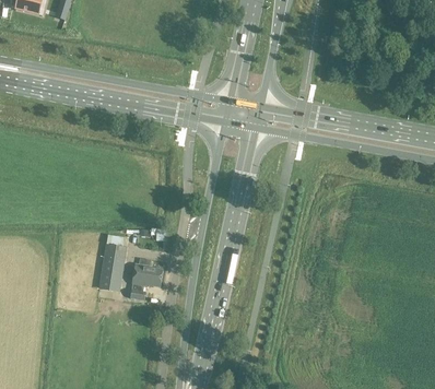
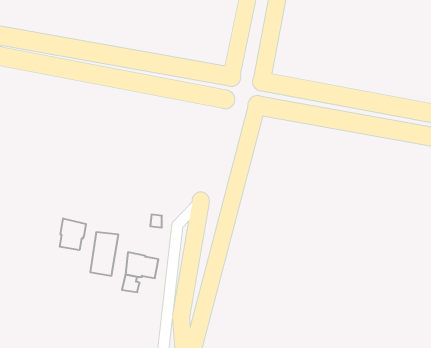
building: none -> [60,218,86,250]

